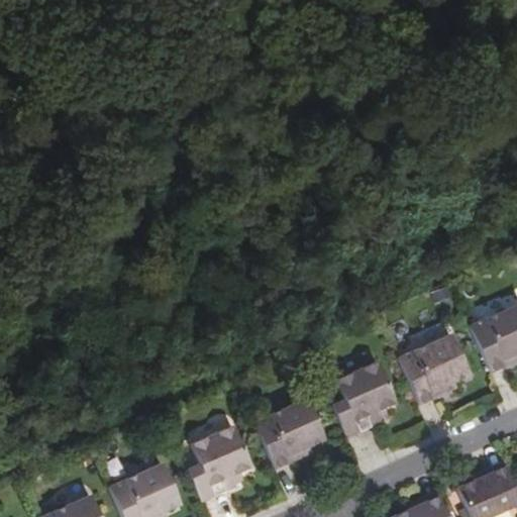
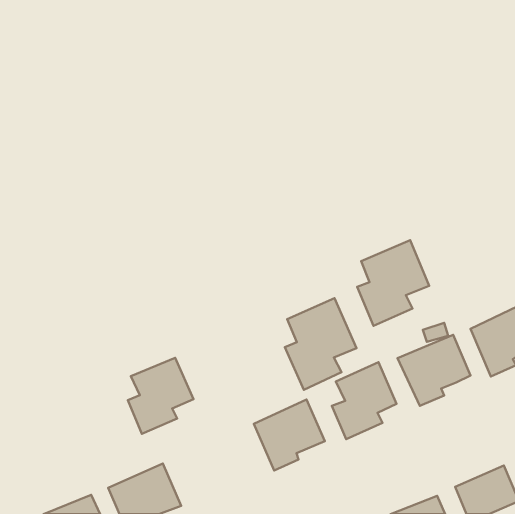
building: none -> [357,240,429,326]
building: none -> [285,298,356,390]
building: [188,426,253,502] -> [128,358,193,434]

